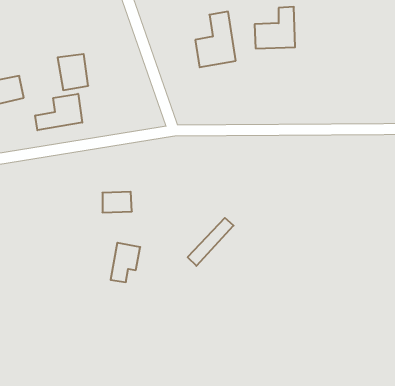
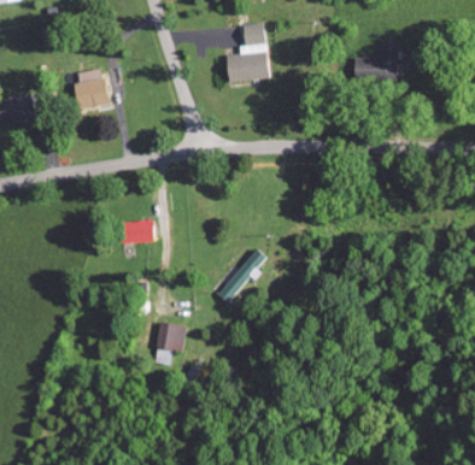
building: [255,7,295,48] -> [353,39,398,84]
building: [35,94,82,130] -> none
building: [111,243,140,282] -> [153,322,186,365]

